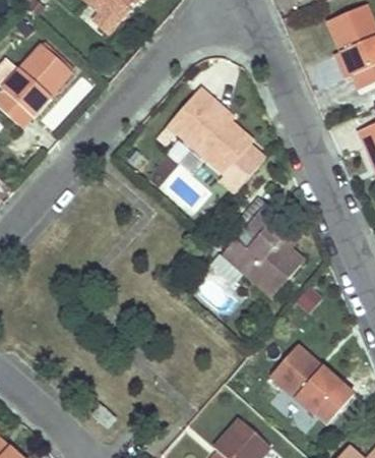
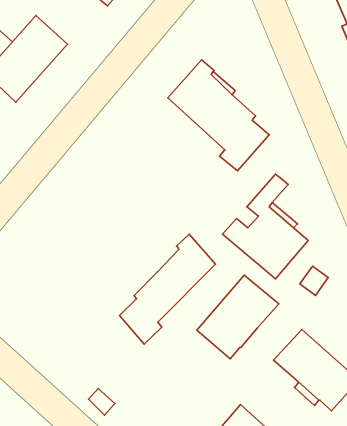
building: none -> [120,234,215,344]
building: none -> [197,275,279,359]

